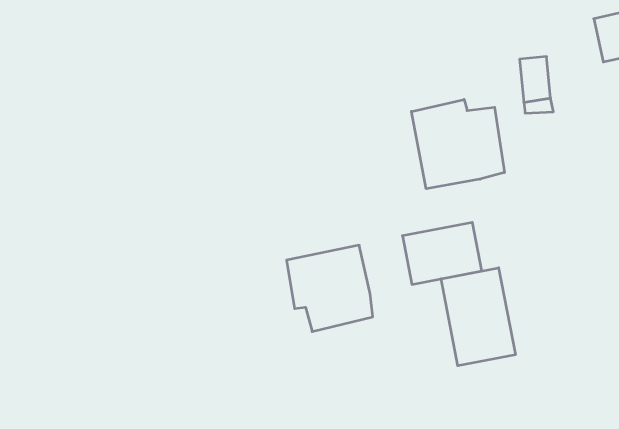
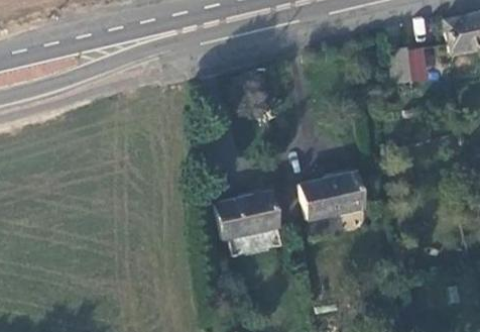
building: [411,99,504,189] -> none
building: [441,268,515,366] -> none

